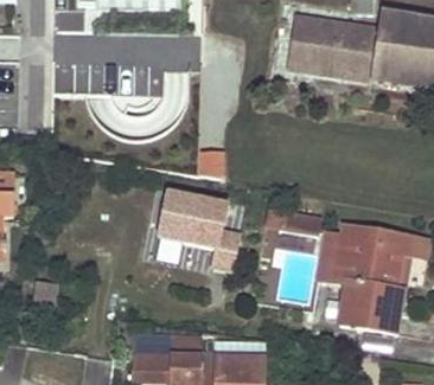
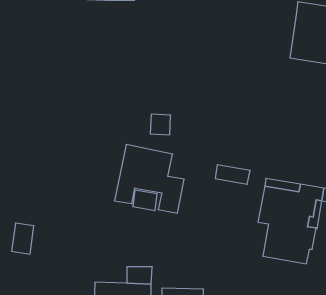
building: [289,17,378,78] -> none

